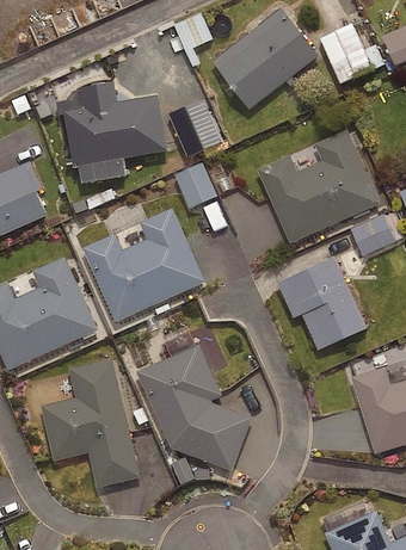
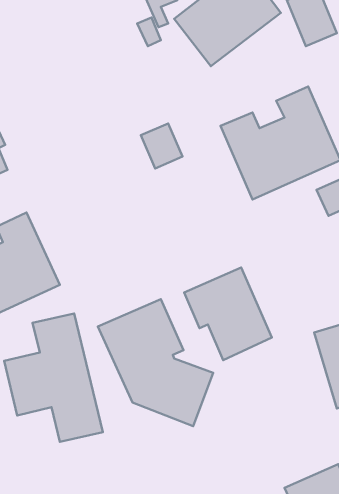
building: [63,81,168,183] -> none
building: [82,208,204,321] -> none
building: [277,257,365,350] -> [184,267,272,360]

